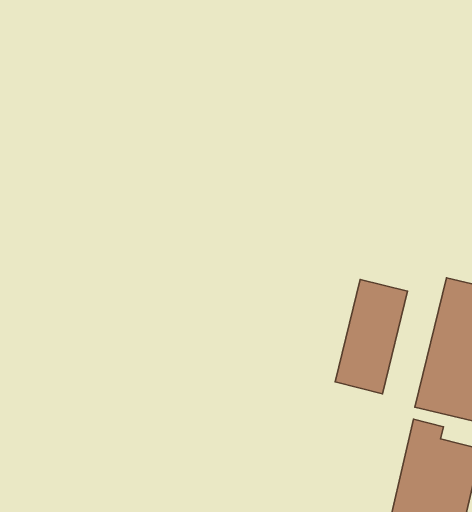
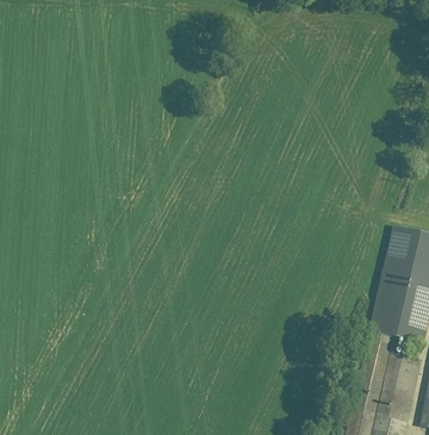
building: [335,279,408,394] -> none

